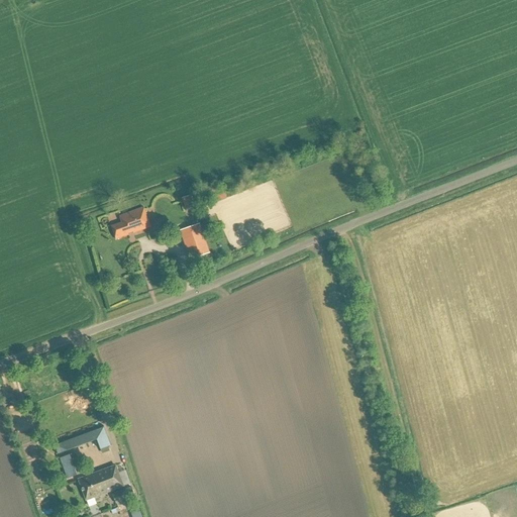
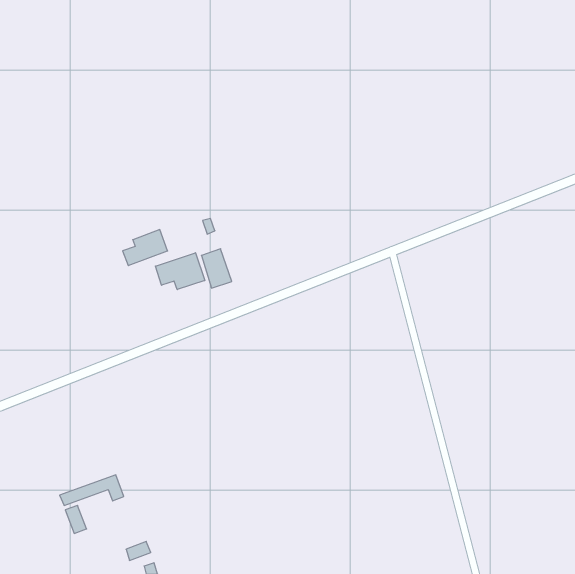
building: none -> [155,253,205,290]
building: [78,464,123,500] -> none

